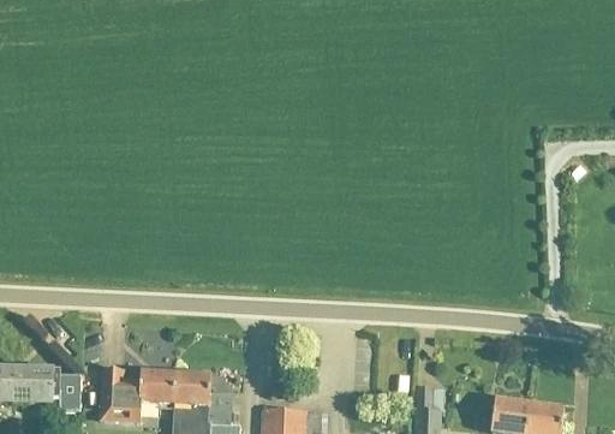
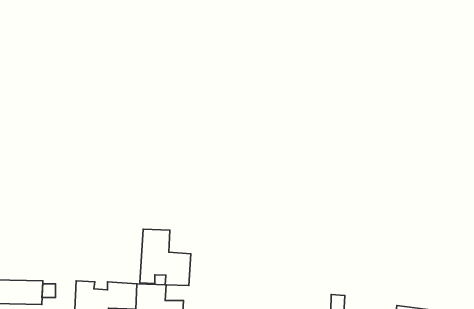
building: none -> [140,229,191,285]

